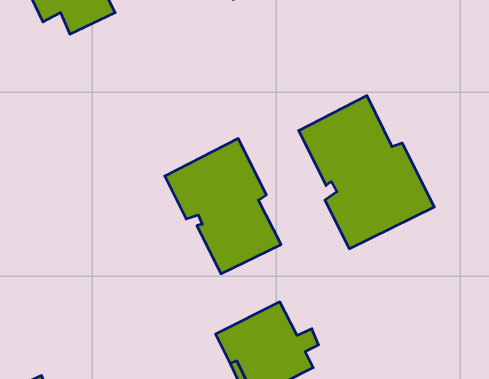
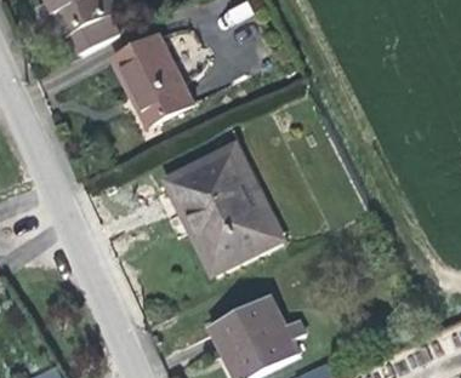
building: none -> [112,35,193,124]
building: [299,96,434,249] -> none

